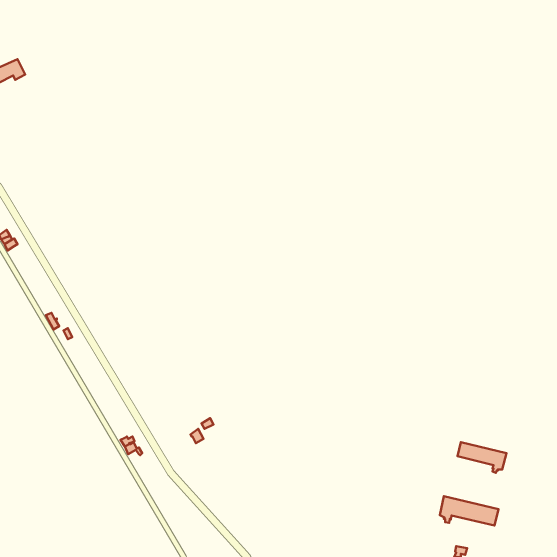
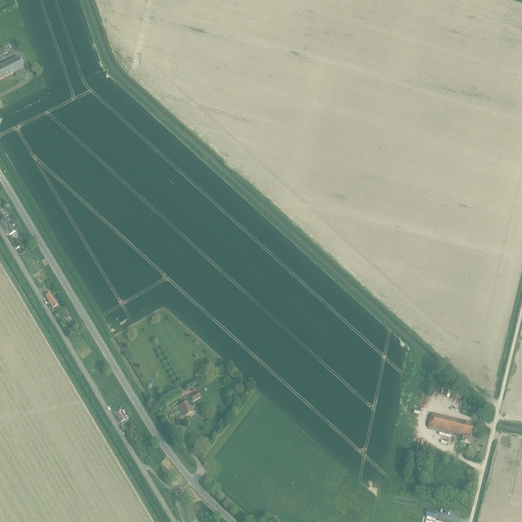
building: [440,496,498,525] -> none

